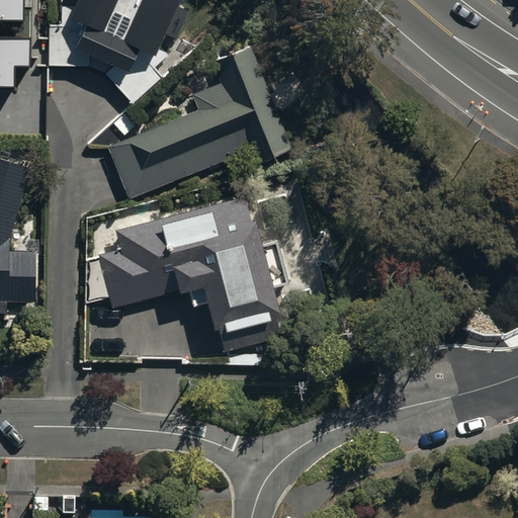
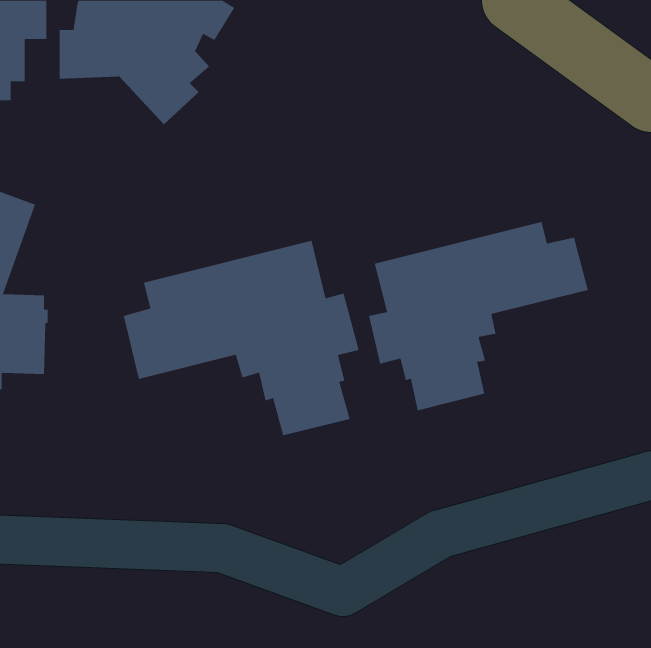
building: [107,46,289,199] -> none
building: none -> [369,221,588,411]

